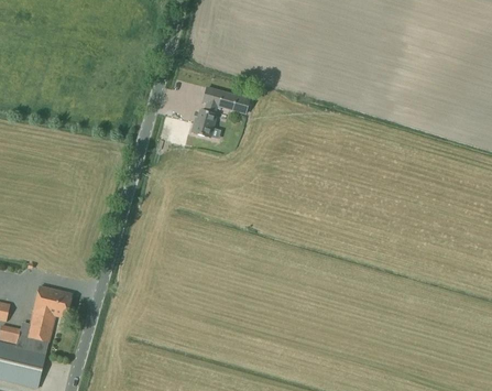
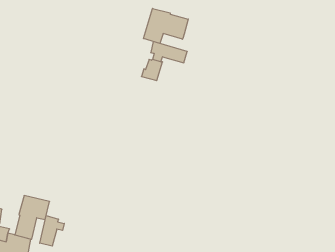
building: none -> [144,8,188,43]
building: none -> [40,216,64,246]

